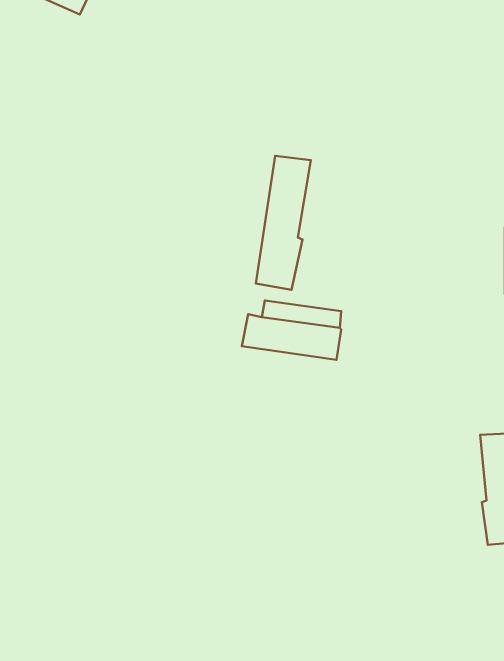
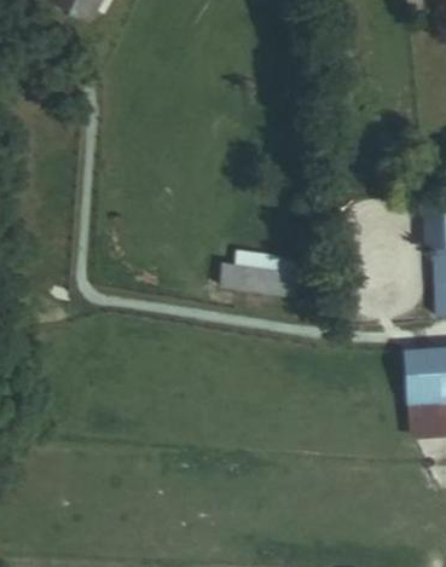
building: [256,156,311,290] -> none

